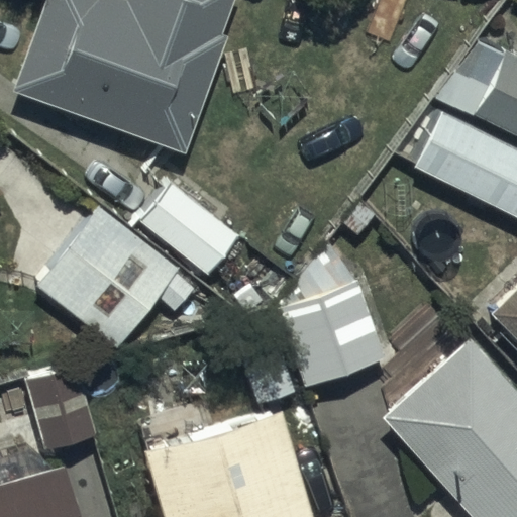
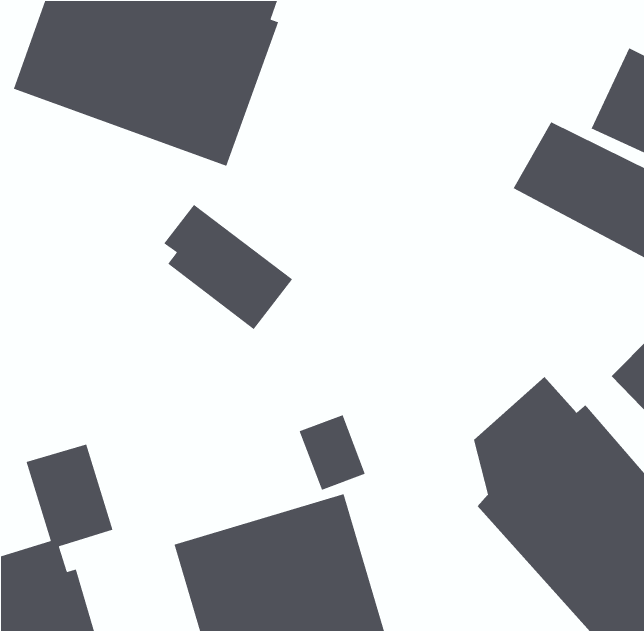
building: [37,207,199,350] -> none
building: [282,294,385,387] -> none

